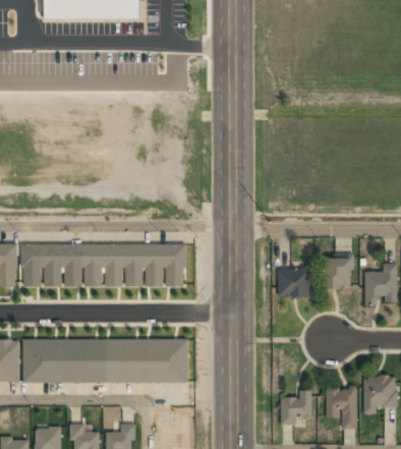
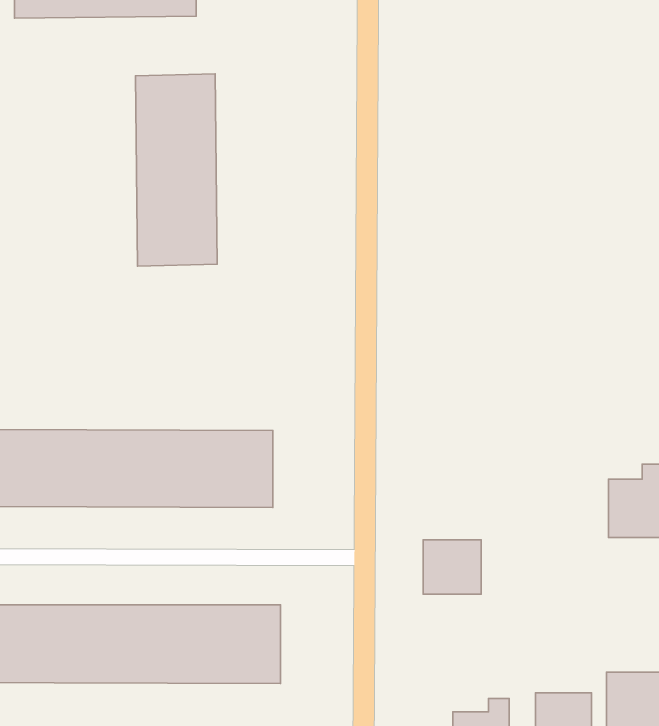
building: none -> [135,74,217,266]
building: [323,259,351,290] -> none
building: [278,268,309,297] -> [423,540,481,594]

